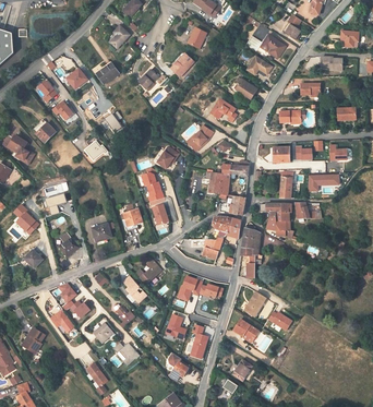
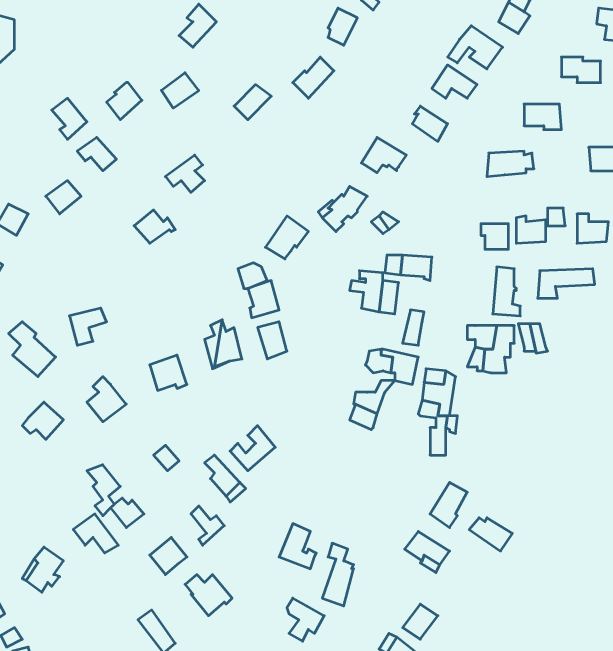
building: [177,277,220,298] -> none

